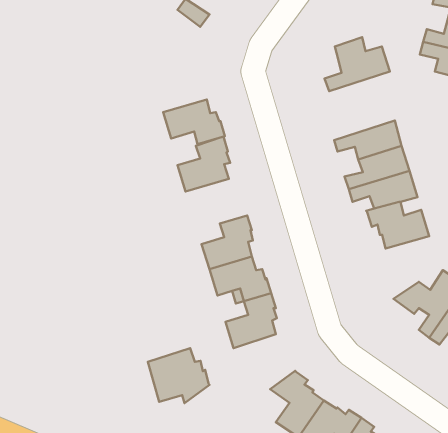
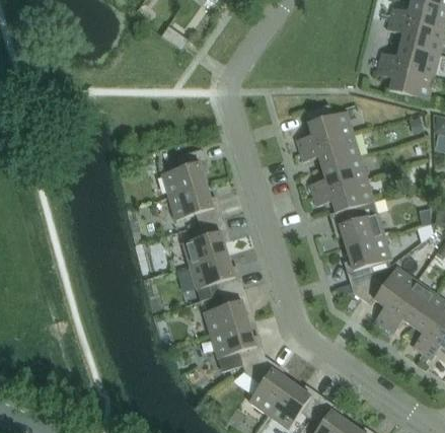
building: [324,37,390,91] -> [296,103,354,151]
building: [163,100,225,144] -> [168,186,223,225]
building: none -> [346,236,391,292]
building: [148,348,210,403] -> [211,323,266,372]

